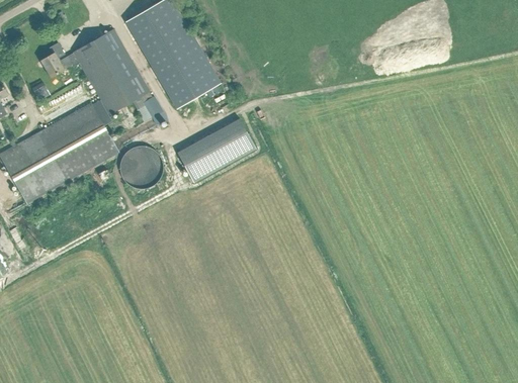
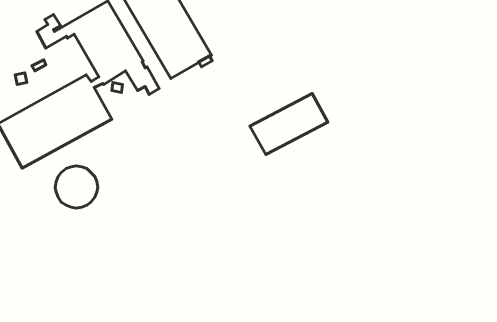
building: [177,118,257,181] -> [250,94,328,155]
building: [118,145,162,188] -> [55,166,98,208]

